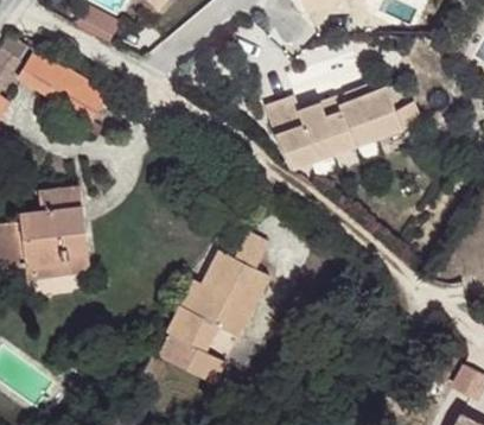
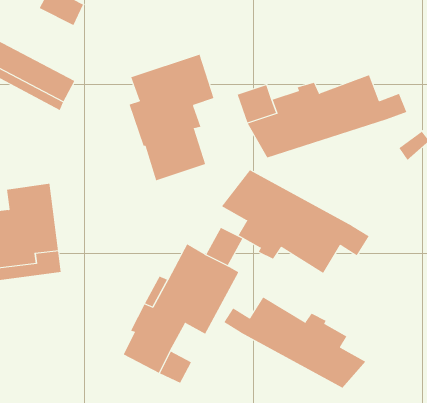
building: none -> [129,54,214,181]
building: none -> [221,170,369,274]
building: none -> [223,296,366,389]

